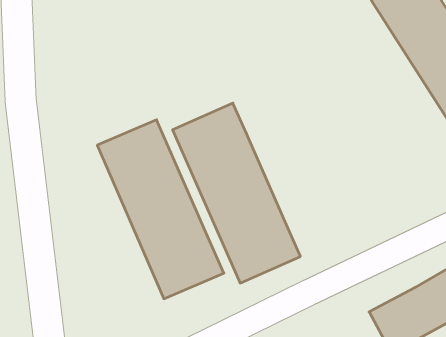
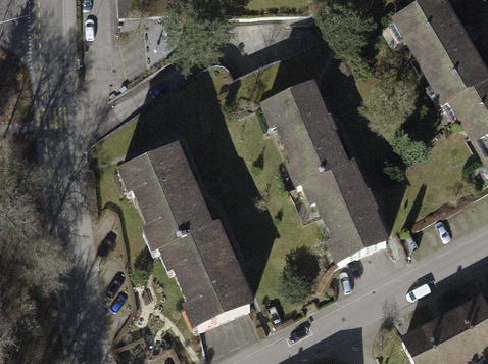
building: [173,103,300,283] -> [265,81,393,261]

